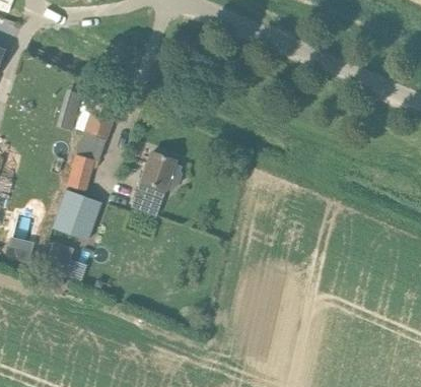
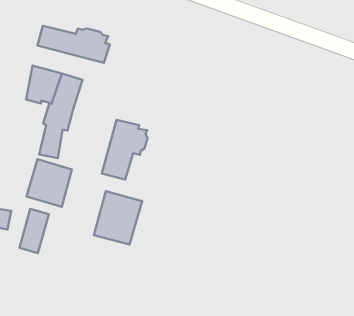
building: none -> [37,26,110,63]
building: none -> [94,191,142,244]

